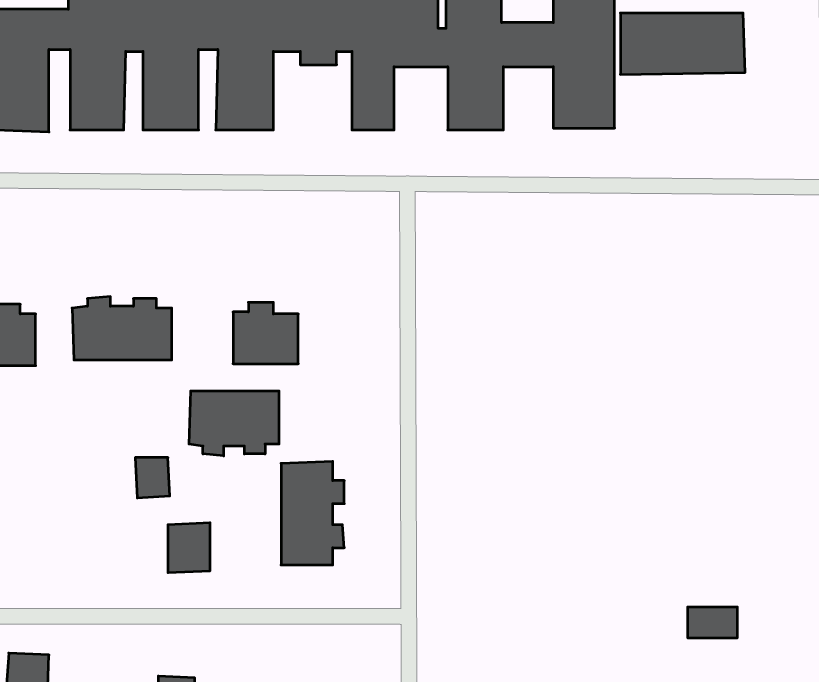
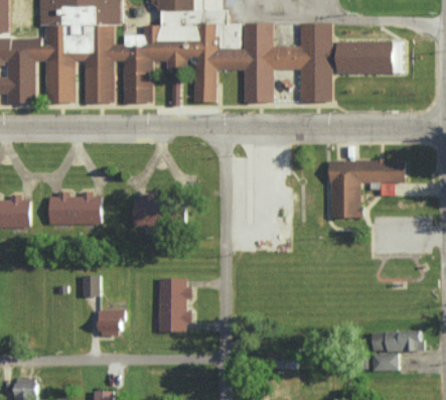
building: none -> [328,159,404,217]
building: [189,391,279,456] -> none
building: none -> [370,330,421,351]

